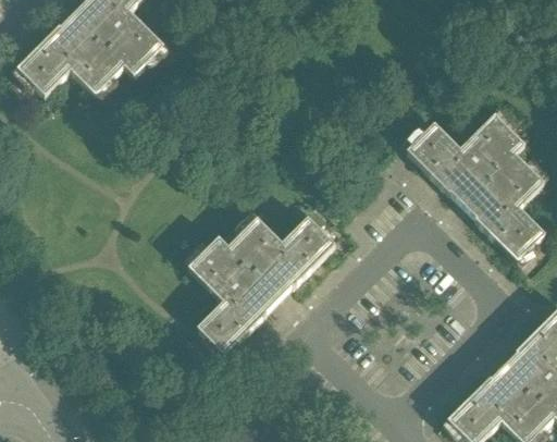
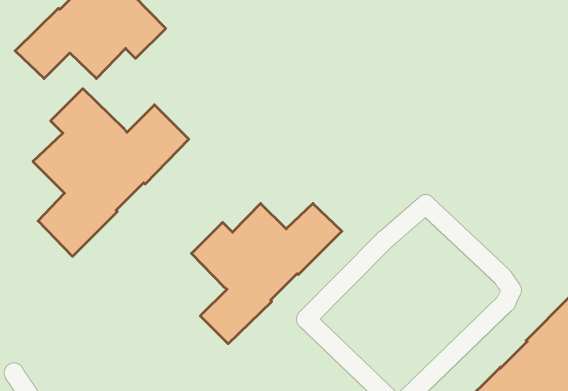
building: none -> [33,89,189,256]
building: [406,114,544,260] -> none

